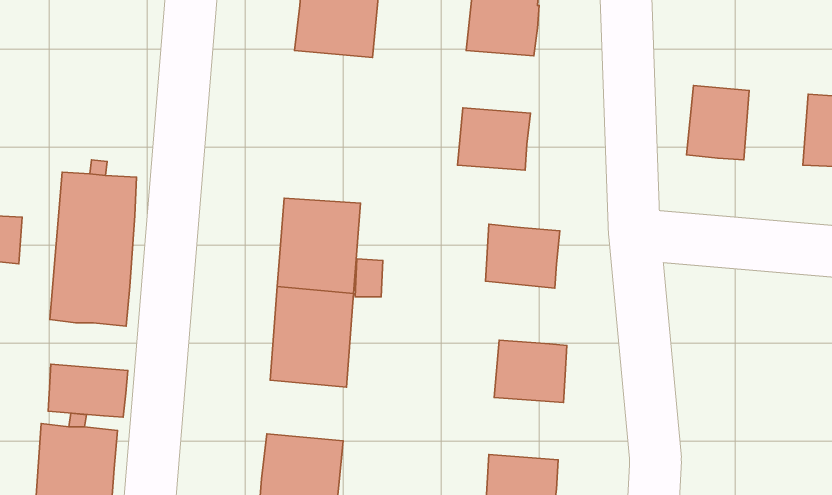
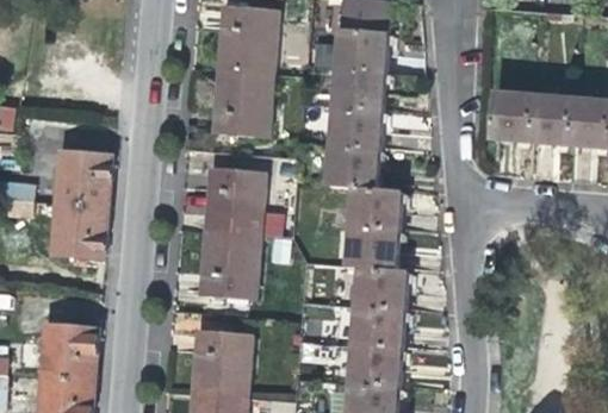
building: none -> [213,68,272,133]
building: none -> [334,68,383,111]
building: none -> [527,95,571,146]
building: none -> [327,146,377,189]
building: none -> [346,226,397,269]
building: [48,364,128,417] -> none
building: none -> [352,306,403,349]

